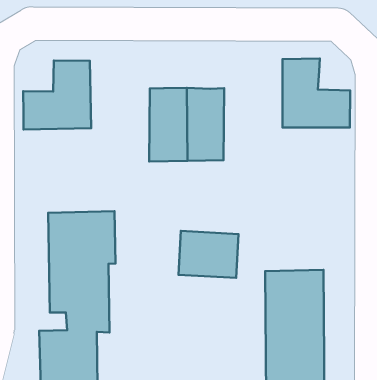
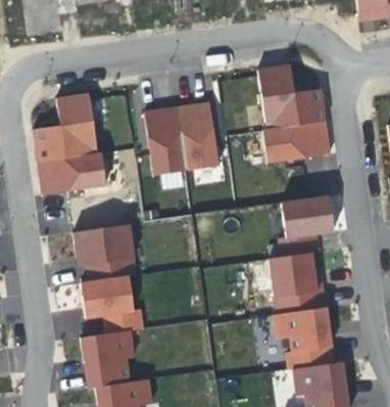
building: none -> [263,122,332,163]
building: none -> [40,152,107,194]
building: [178,231,239,278] -> [281,196,335,239]

